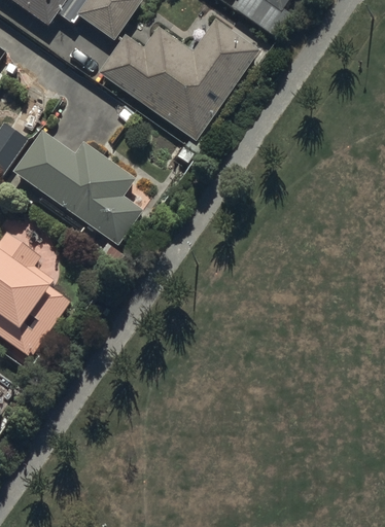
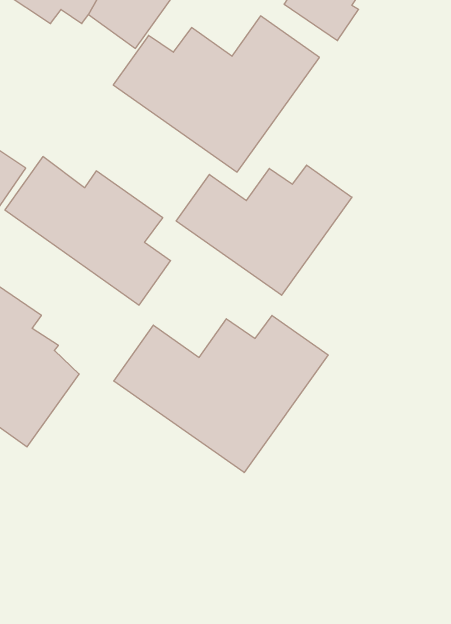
building: none -> [176,165,352,295]
building: none -> [114,315,328,473]

